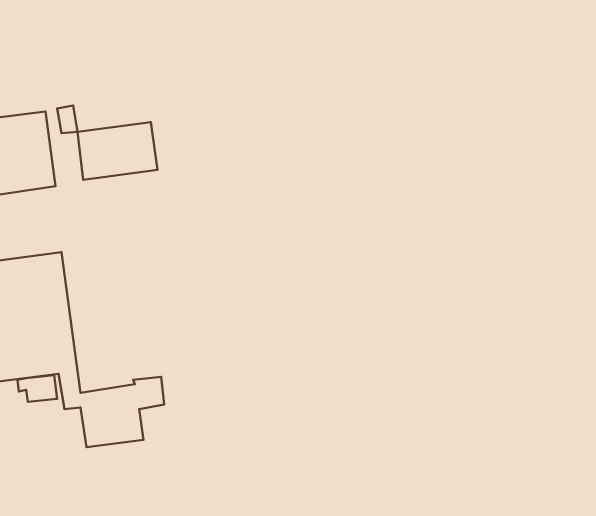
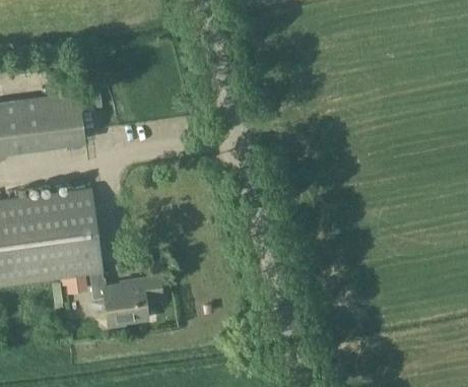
building: [78,122,158,180] -> none

